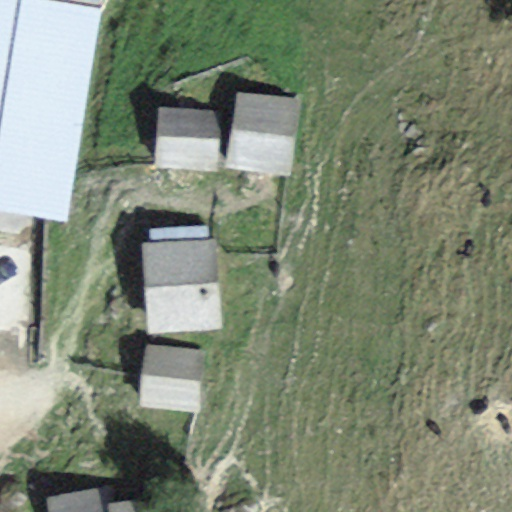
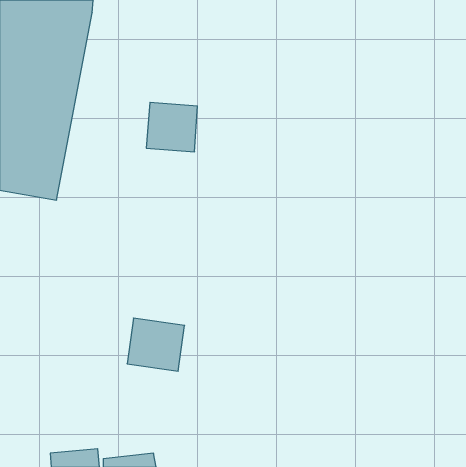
building: [224,93,299,171] -> none
building: [144,241,220,326] -> none

